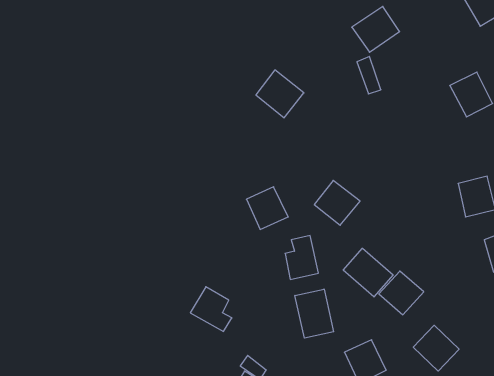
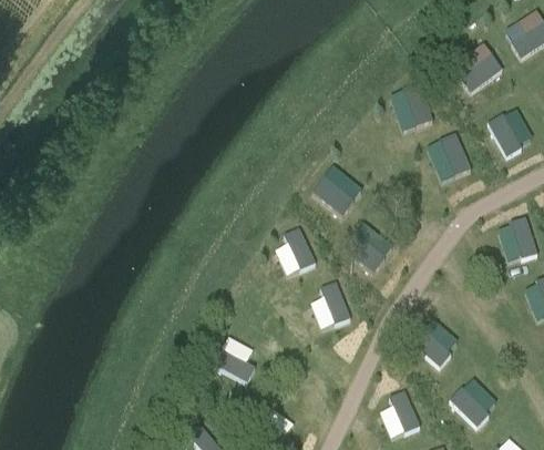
building: [352,6,400,52] -> [452,45,503,94]
building: [256,70,304,118] -> [312,165,363,216]
building: none -> [425,134,472,183]
building: [343,248,393,297] -> none
building: [295,289,334,338] -> none

